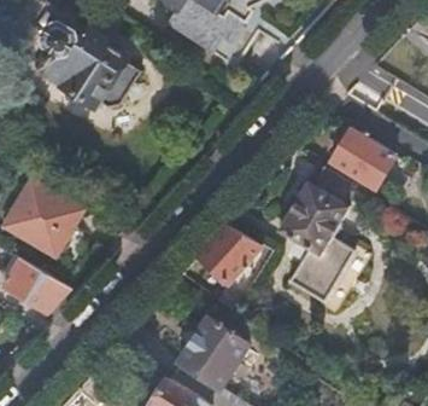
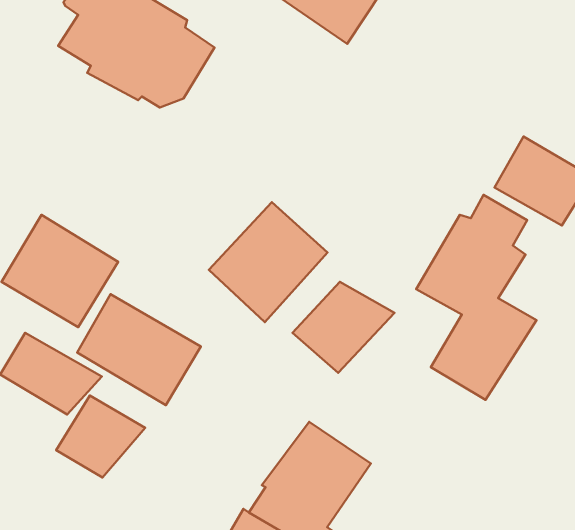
building: none -> [209,202,328,322]
building: none -> [77,294,201,405]
building: none -> [56,396,145,478]

